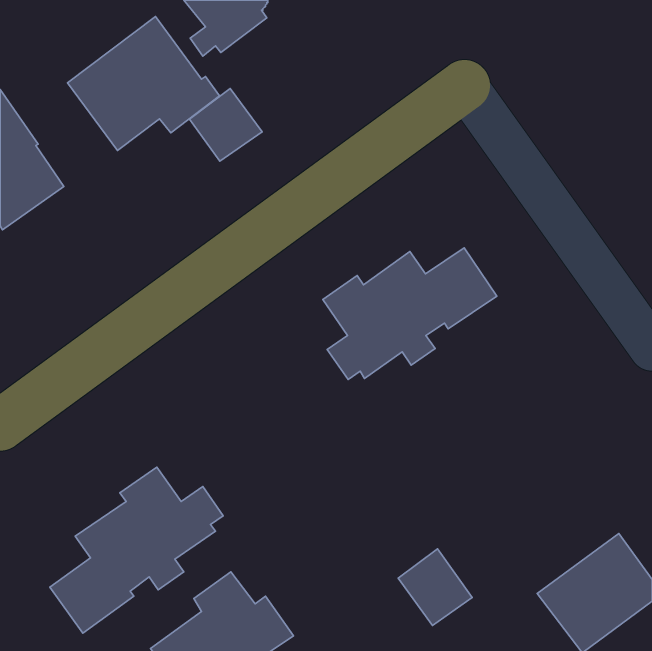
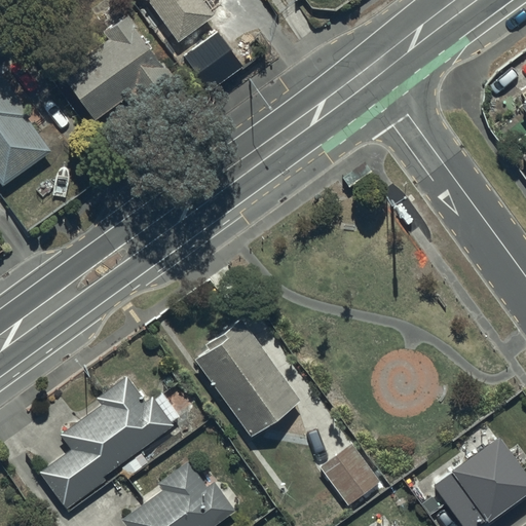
building: [189,88,262,161] -> [185,32,243,90]
building: [323,248,497,380] -> none
building: none -> [195,316,302,439]

